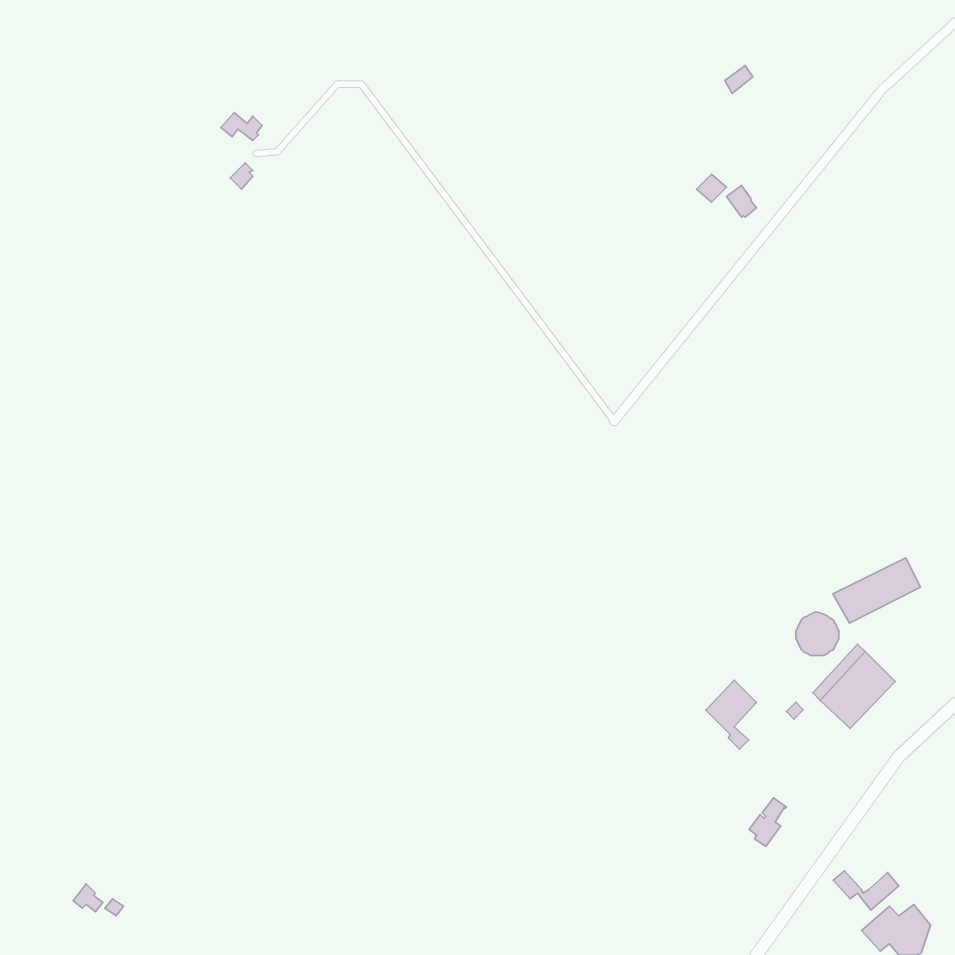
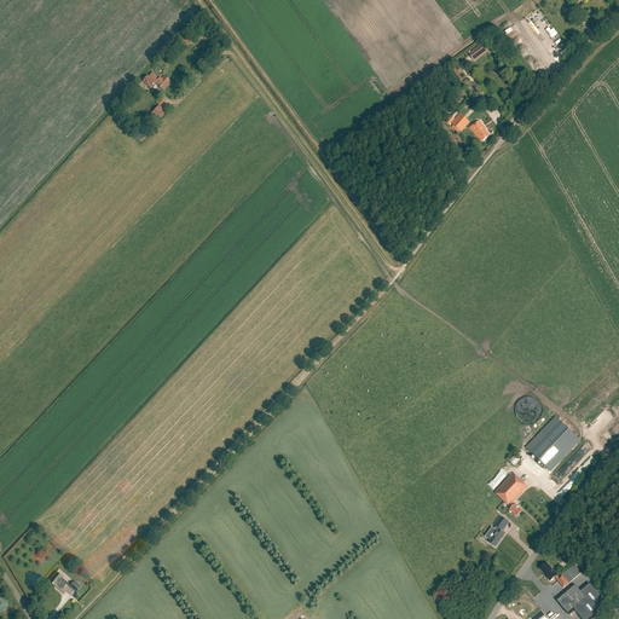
building: [833,558,920,623] -> none
building: [706,680,756,749] -> [493,472,526,516]

